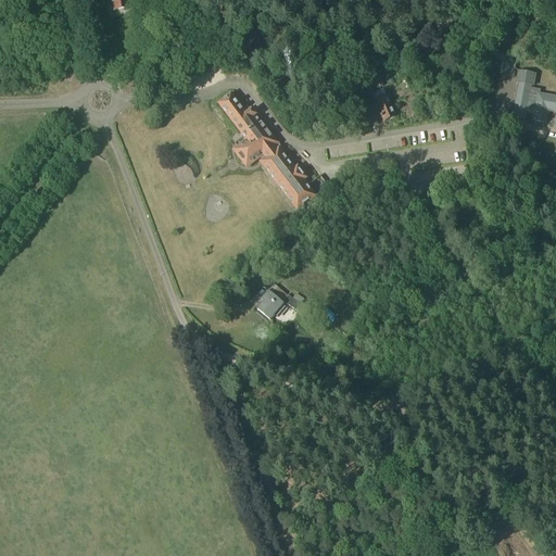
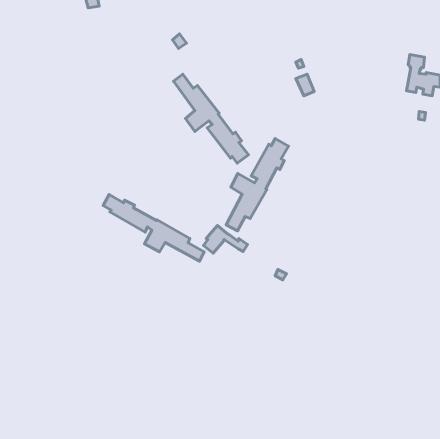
building: none -> [226,138,288,231]
building: none -> [103,194,204,261]

